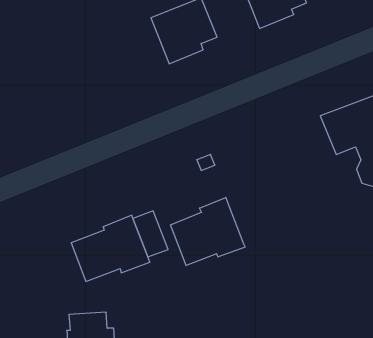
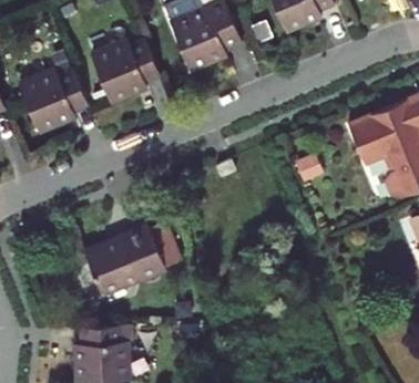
building: none -> [91,39,159,101]
building: none -> [19,69,86,131]
building: [170,197,245,266] -> none

